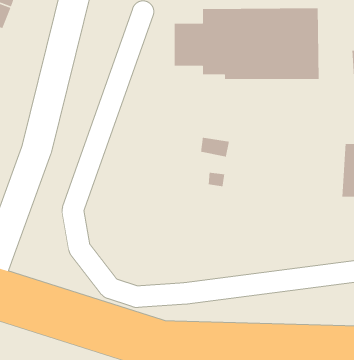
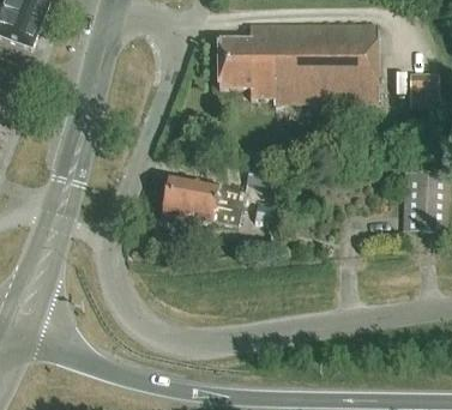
building: none -> [162,175,243,225]

